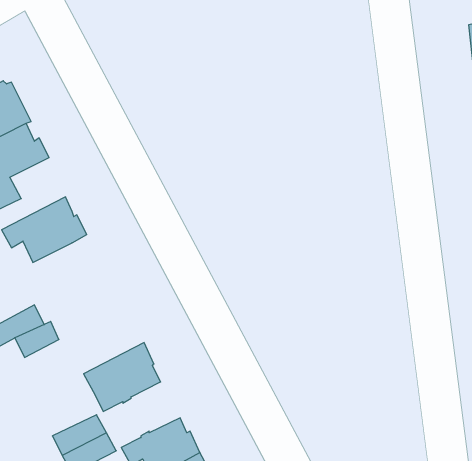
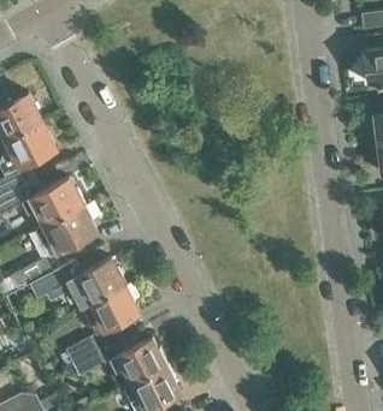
building: none -> [45,206,96,257]
building: none -> [67,258,126,308]

